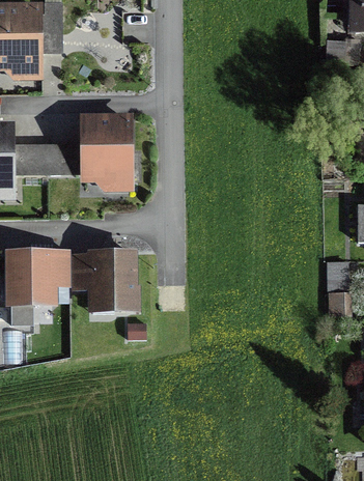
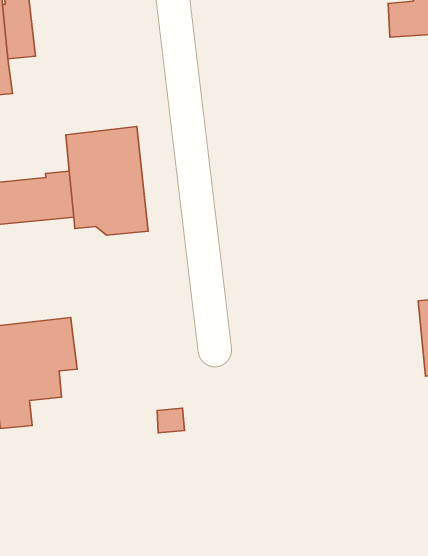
building: [69,249,140,312] -> none

